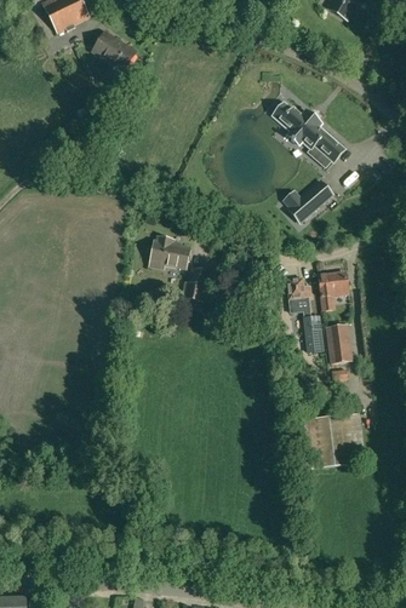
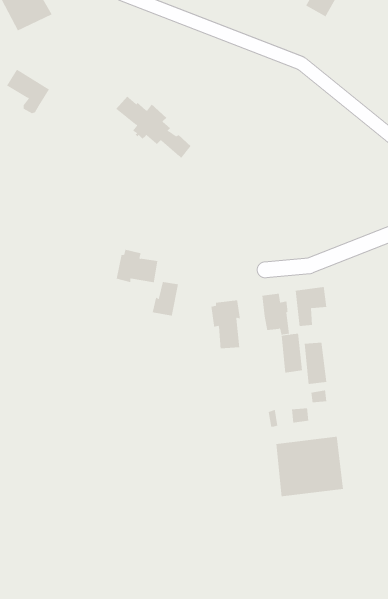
building: [95,33,136,75] -> [6,69,50,114]
building: [273,103,344,162] -> [116,96,192,159]
building: [288,180,332,223] -> none
building: none -> [211,299,240,349]

